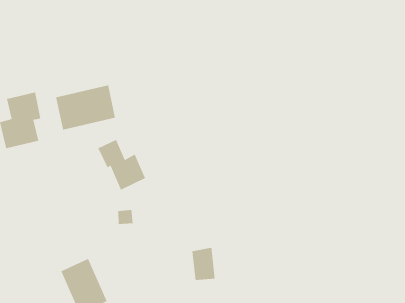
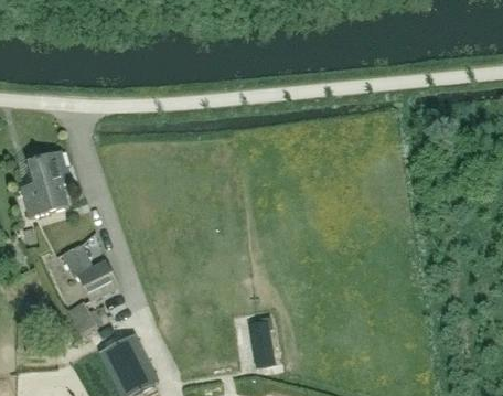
building: [56,84,116,130] -> none
building: [97,139,146,190] -> [62,242,118,299]

